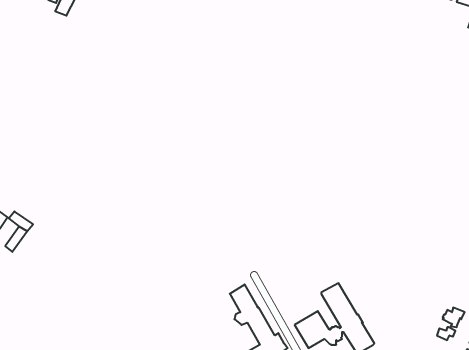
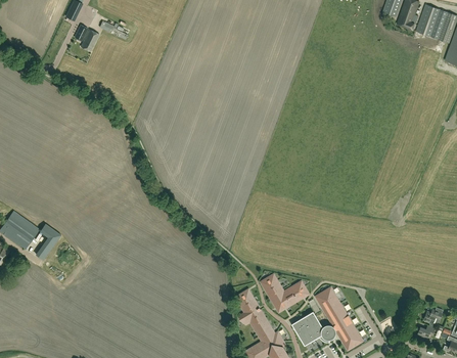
building: none -> [262,275,305,310]

